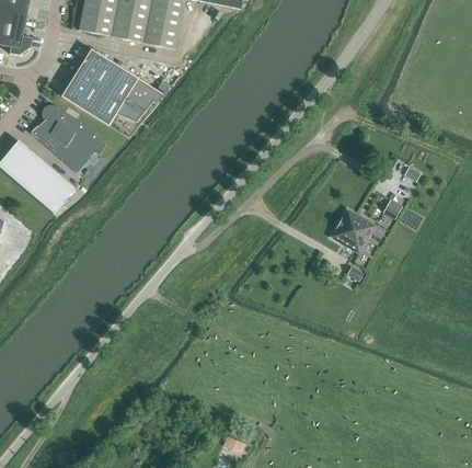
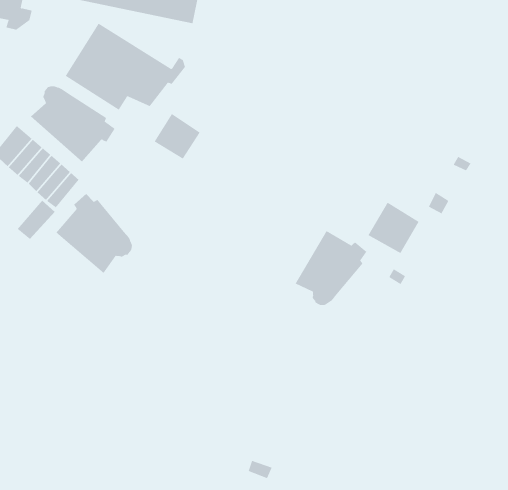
building: none -> [154,113,201,159]
building: none -> [56,193,132,274]
building: none -> [17,200,55,240]
building: none -> [295,230,367,306]

